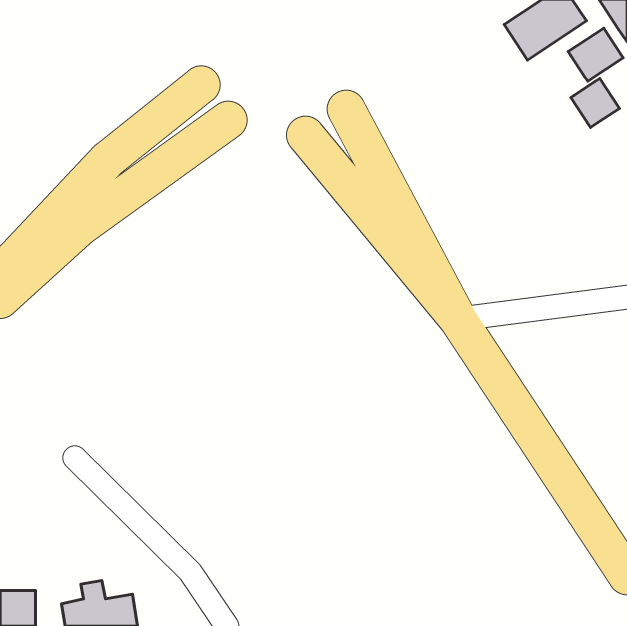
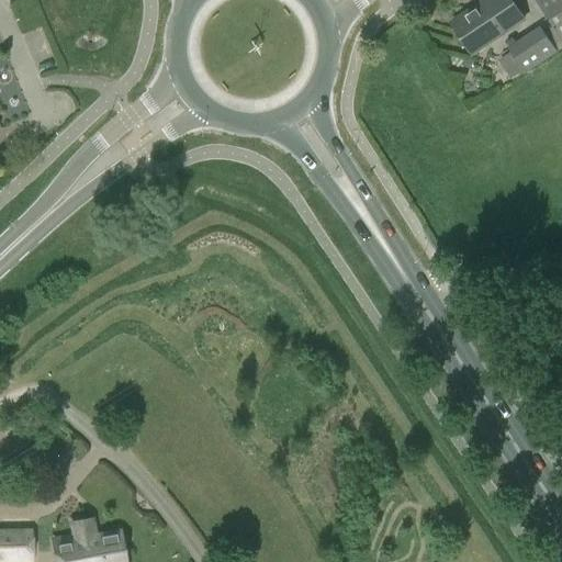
building: [571,79,620,127] -> none

